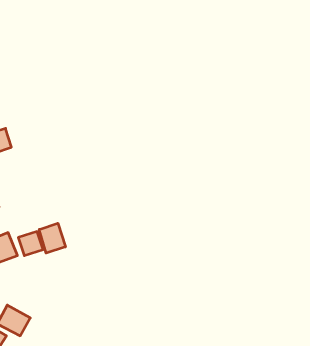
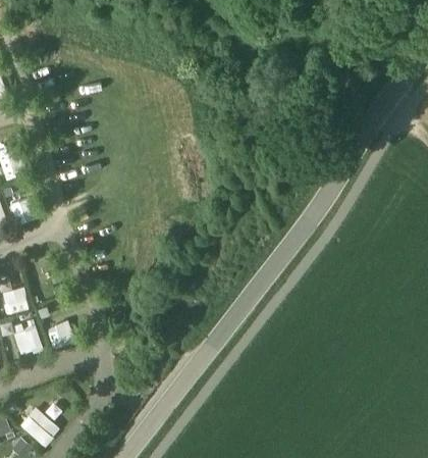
building: [39,223,65,253] -> none

